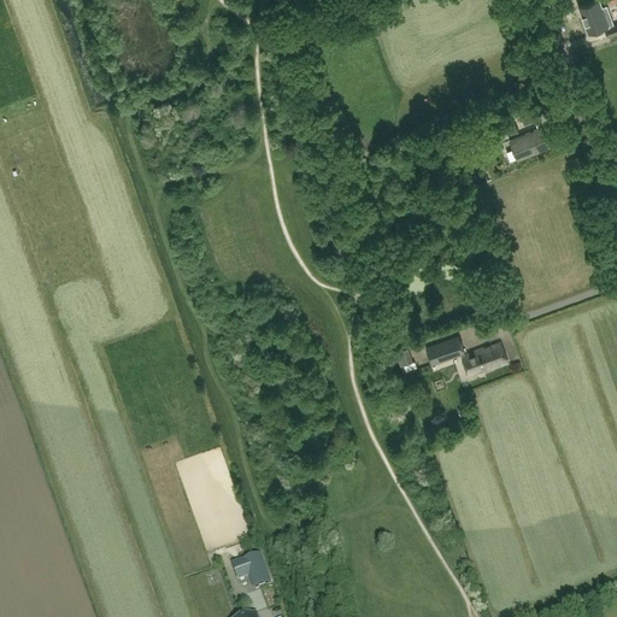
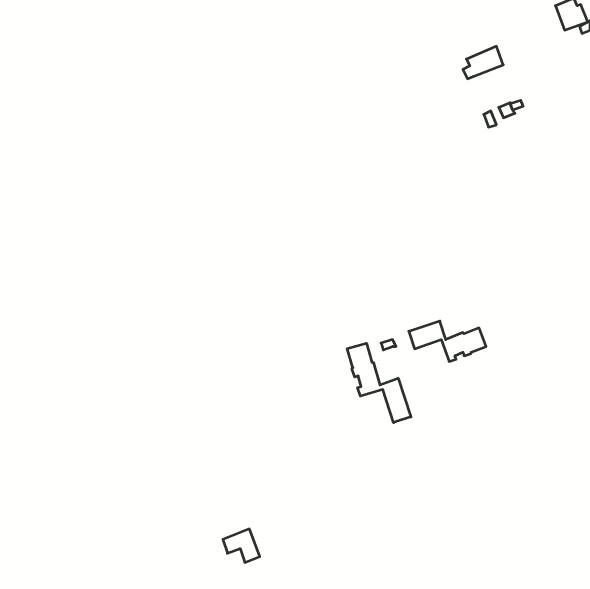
building: [506,127,548,160] -> [463,46,503,79]
building: none -> [347,343,411,423]

